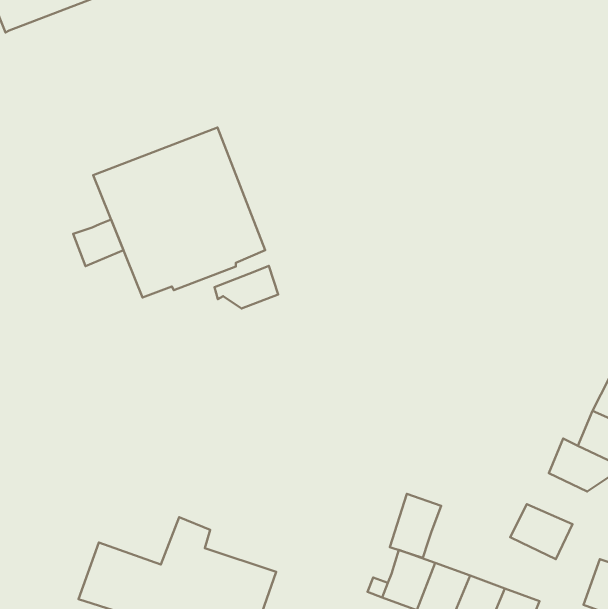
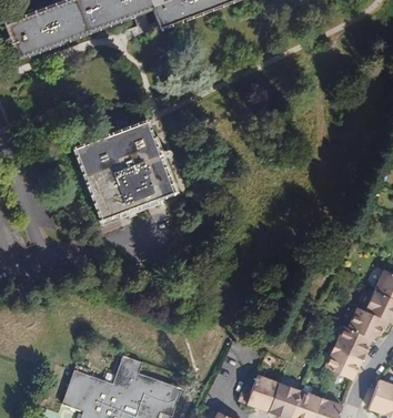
building: [73,219,123,266] -> none
building: [215,266,278,309] -> none
building: none -> [333,326,370,359]
building: [390,494,441,558] -> none

